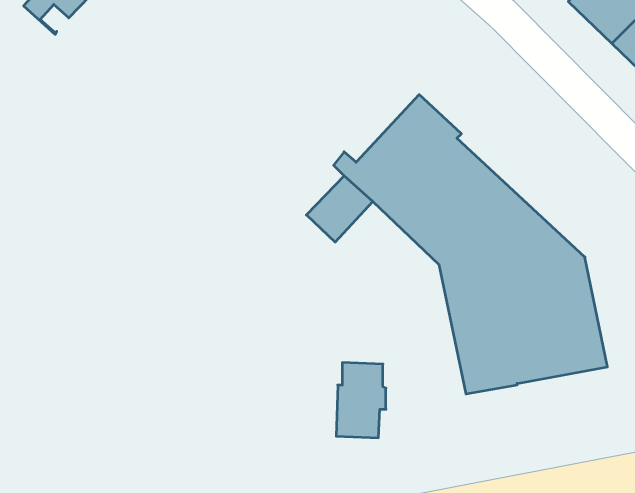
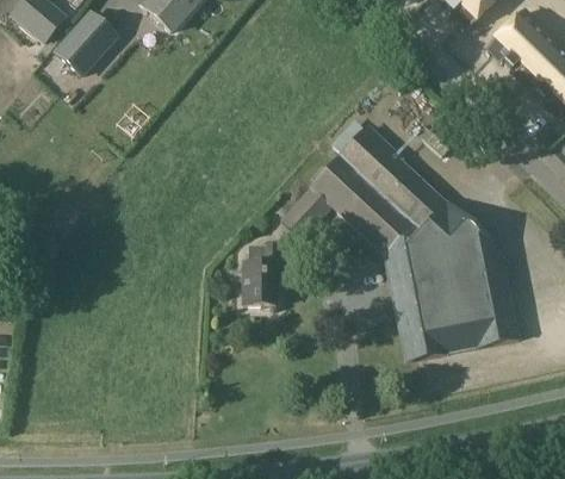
building: [336,363,386,438] -> [242,244,281,304]

